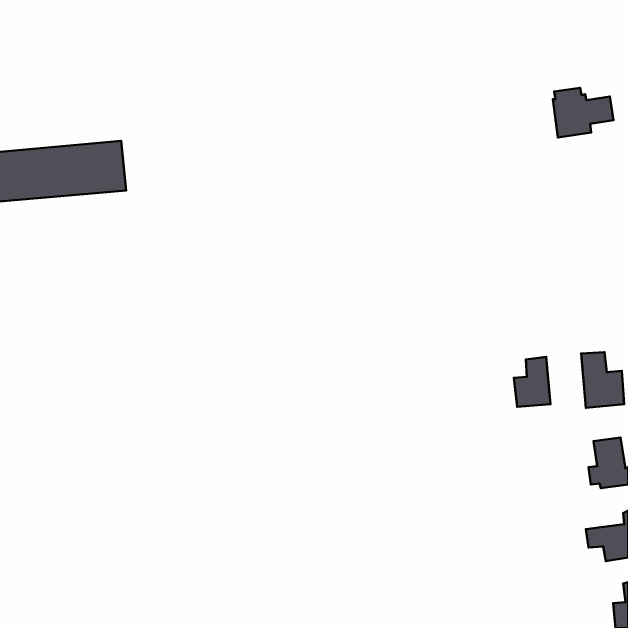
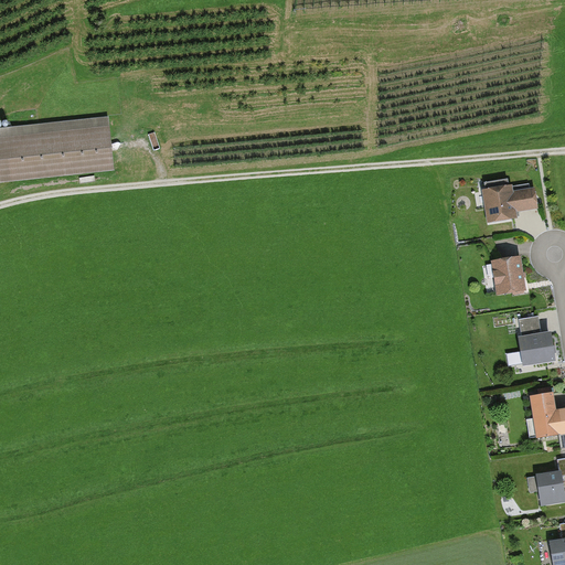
building: [553,88,614,137] -> [482,178,536,222]
building: none -> [486,256,526,294]
building: [514,357,551,407] -> none

